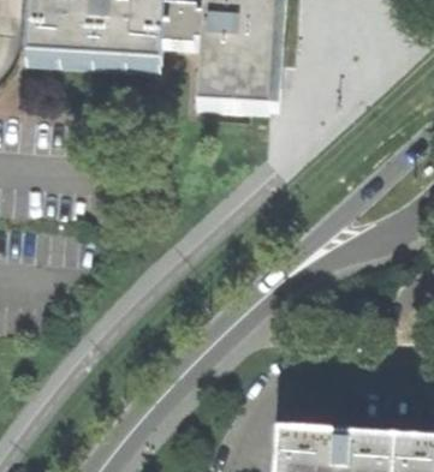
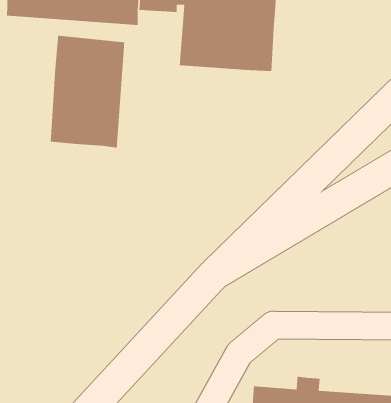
building: none -> [50,35,125,148]

